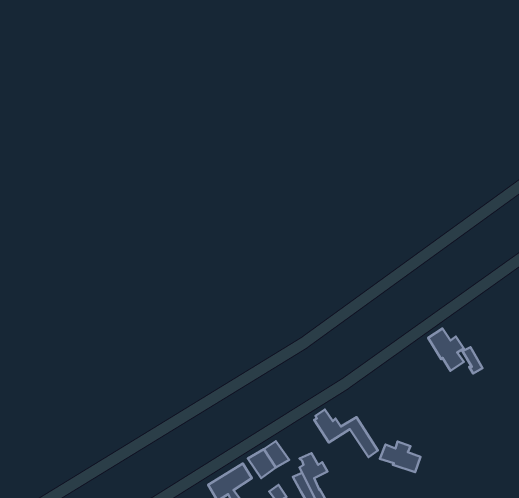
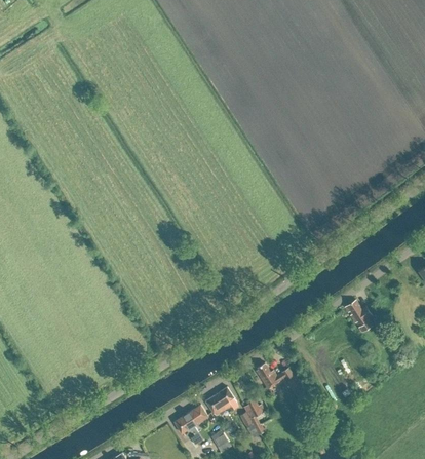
building: [380,442,421,472] -> none

